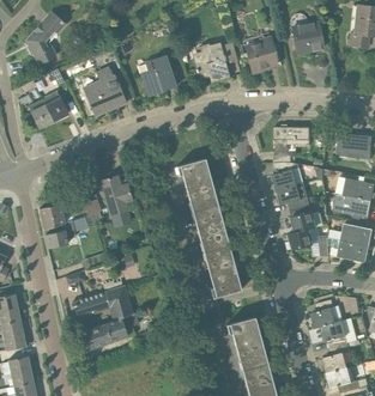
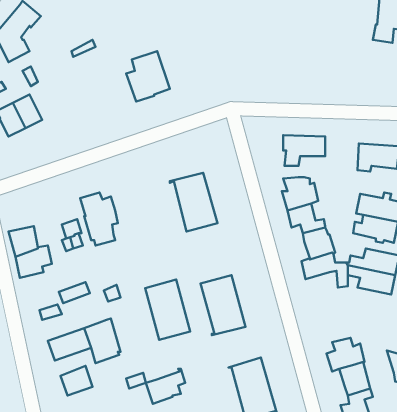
building: [291,20,322,54] -> none
building: [244,36,277,71] -> none
building: [192,43,237,81] -> none
building: [80,67,125,114] -> none
building: [190,202,229,254] -> [145,280,190,340]
building: [104,312,138,342] -> [146,369,185,404]

